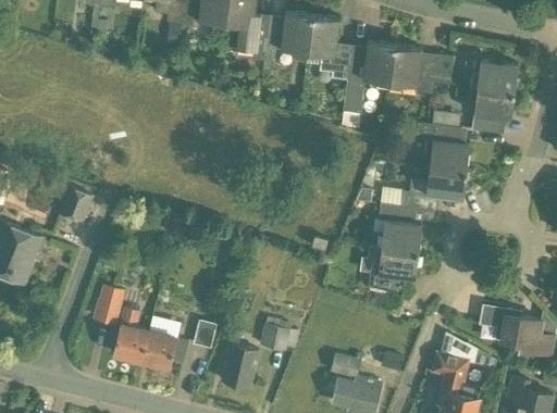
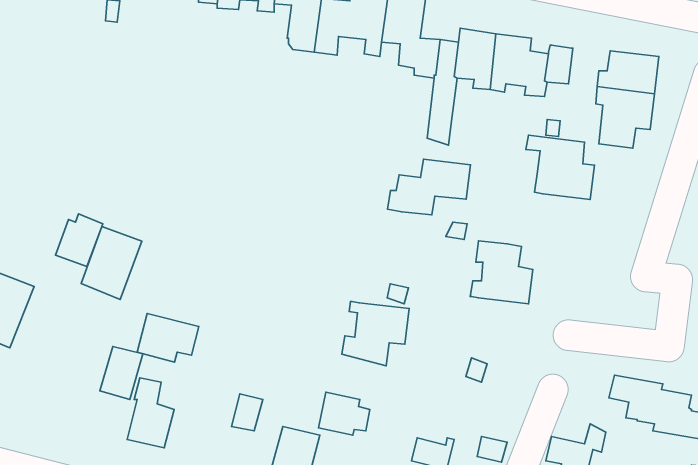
building: [403,167,466,210] -> [388,159,471,215]
building: none -> [81,227,142,300]
building: [368,246,419,295] -> [342,301,409,366]
building: [141,331,188,368] -> [137,314,199,362]

